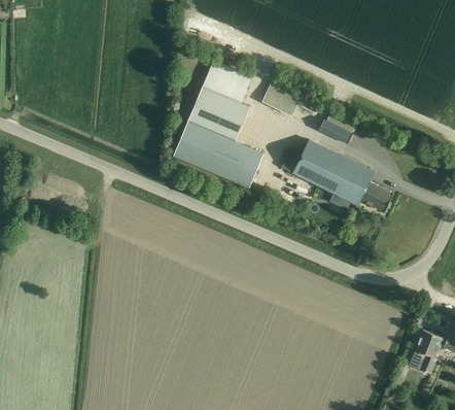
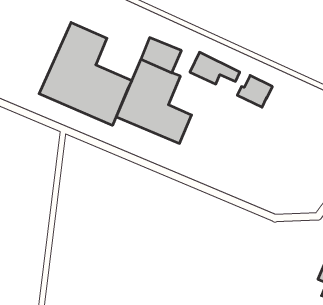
building: none -> [39,22,132,125]
building: [280,139,392,212] -> none

